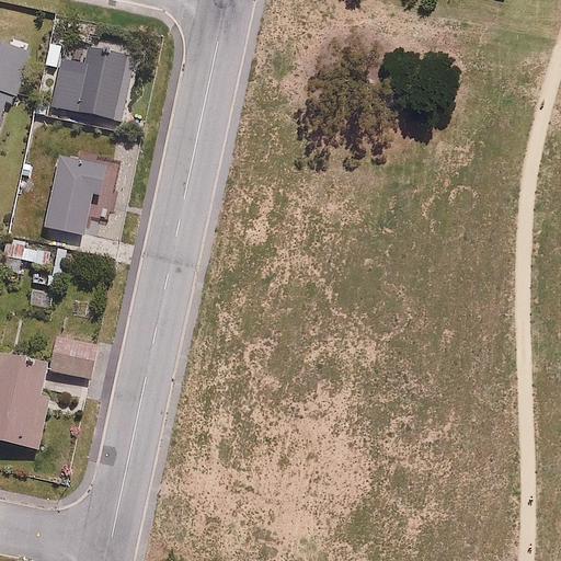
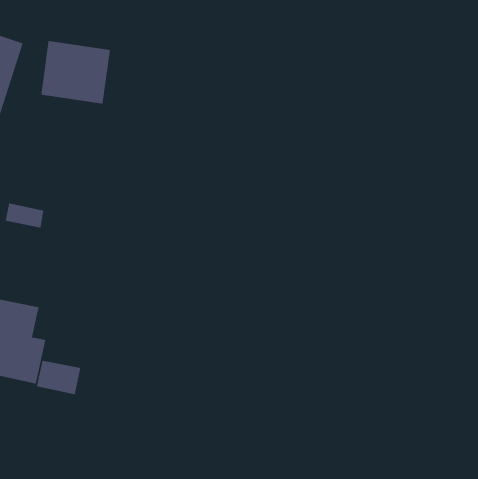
building: [45,154,106,234] -> none
building: [44,337,96,378] -> [36,360,81,395]

